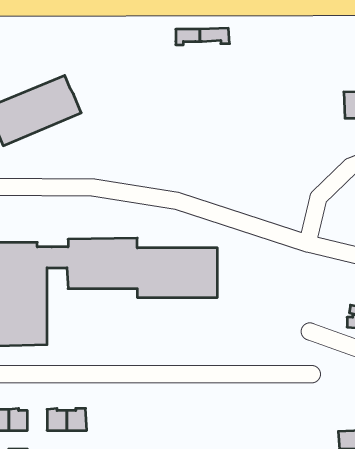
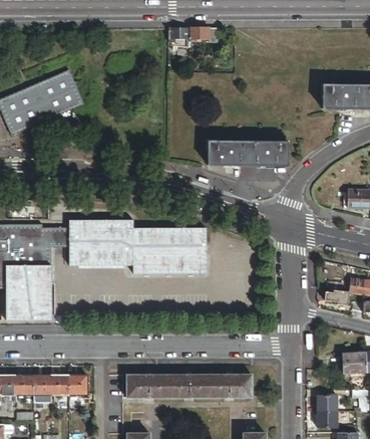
building: none -> [208,141,288,165]
building: none -> [126,374,251,397]
building: none -> [33,375,51,402]

